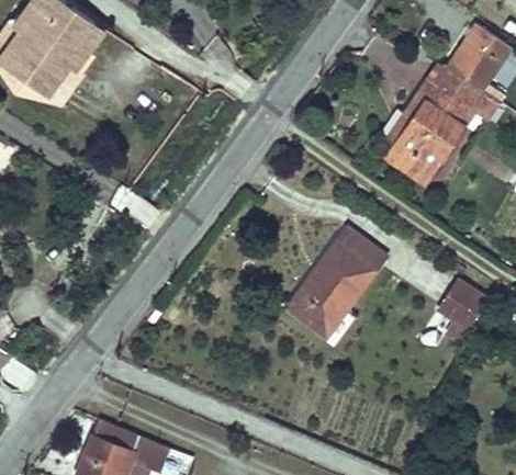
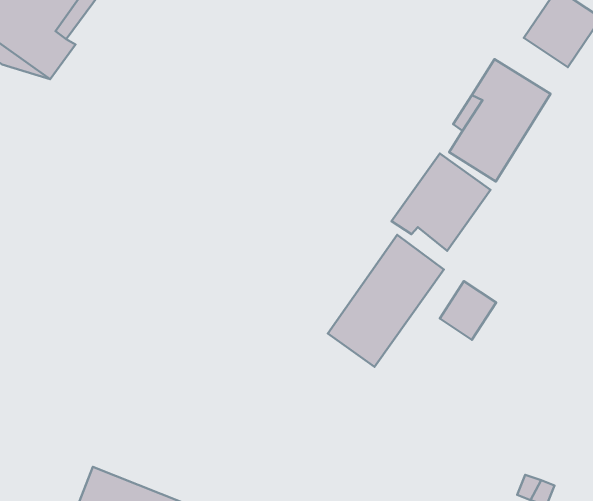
building: [426,65,484,112] -> none
building: none -> [392,153,491,251]
building: [440,281,486,329] -> [440,281,496,340]

